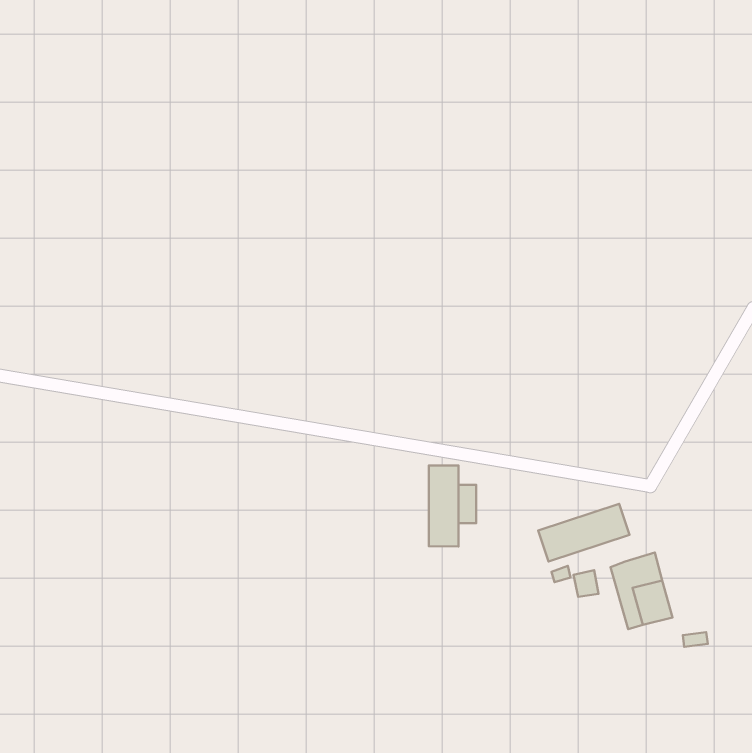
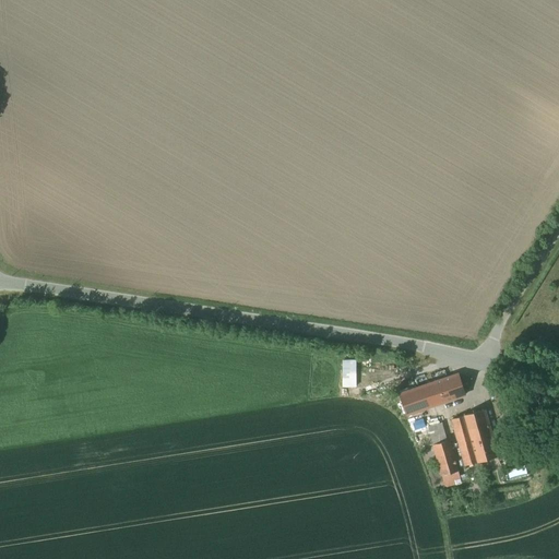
building: [429,465,459,546] -> none
building: none -> [431,442,461,488]

